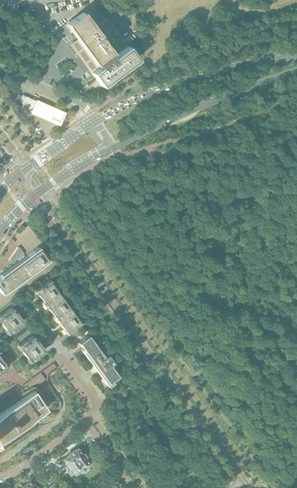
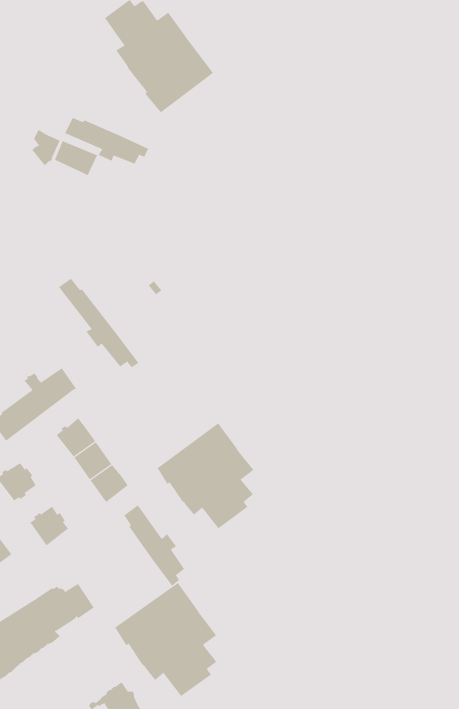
building: none -> [65,117,149,164]
building: none -> [58,278,139,368]
building: none -> [157,423,254,529]
building: none -> [115,582,218,697]

